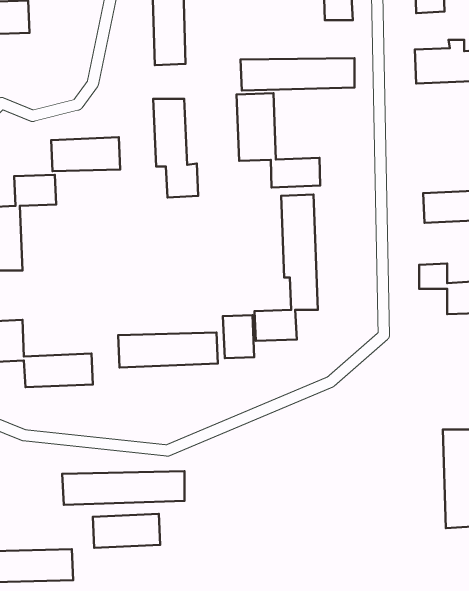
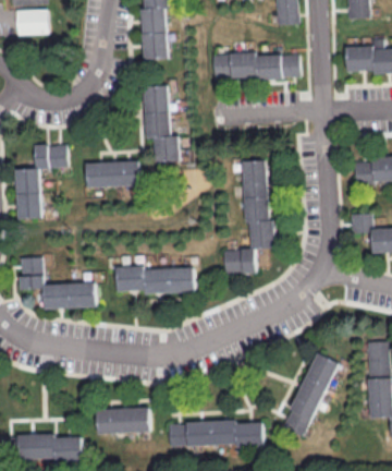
building: [237,93,320,187] -> none
building: [51,137,120,171] -> [86,161,139,188]
building: [223,315,254,358] -> none
building: none -> [281,353,338,438]
building: [62,471,185,505] -> [168,422,262,448]

